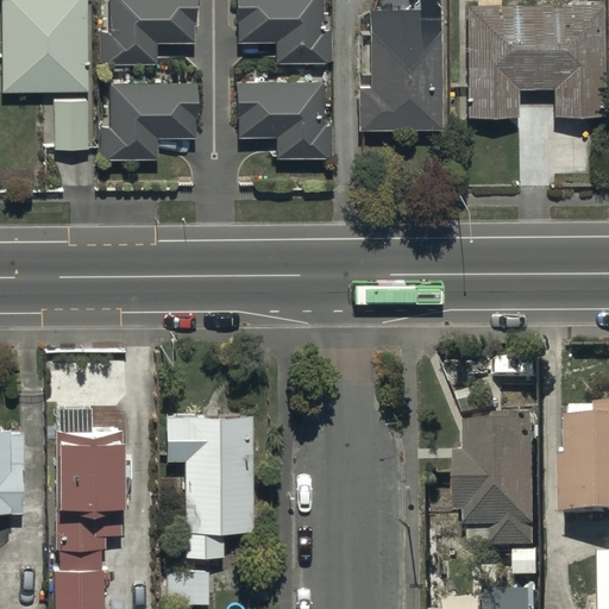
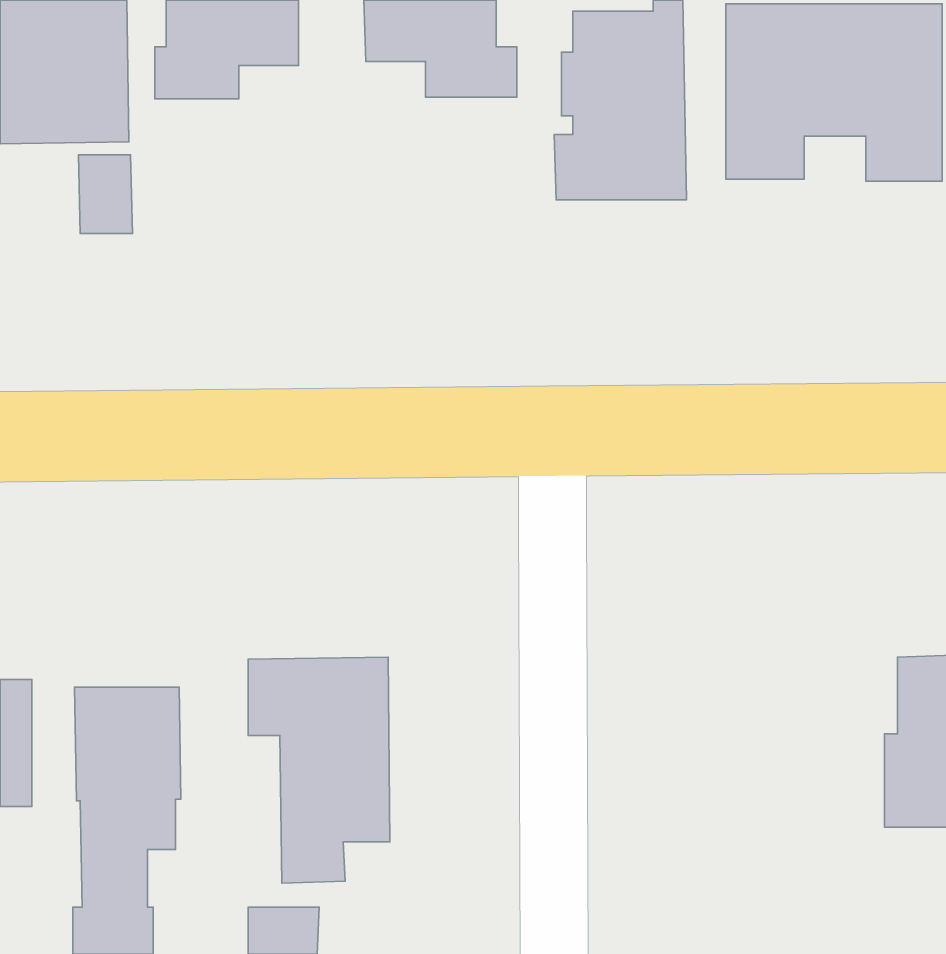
building: [240,82,333,157] -> none
building: [103,83,196,157] -> none
building: [467,426,544,561] -> none

